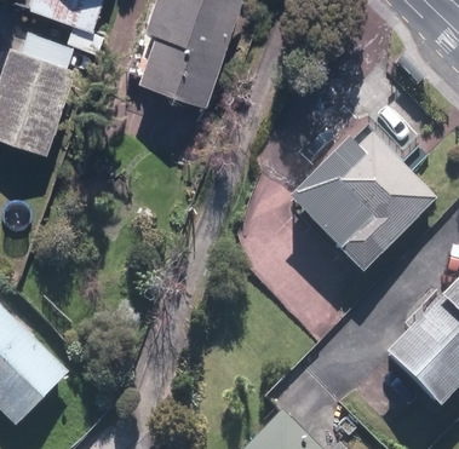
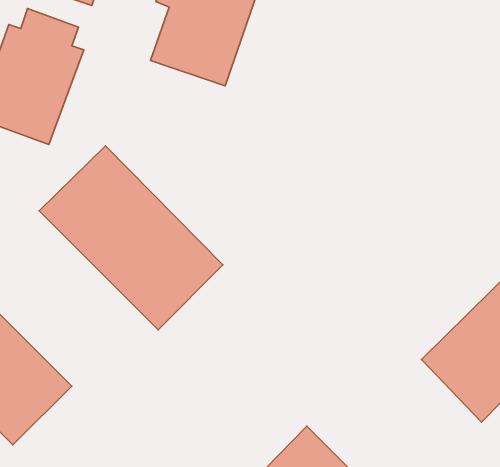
building: [286,127,440,274] -> none
building: none -> [39,146,223,330]

